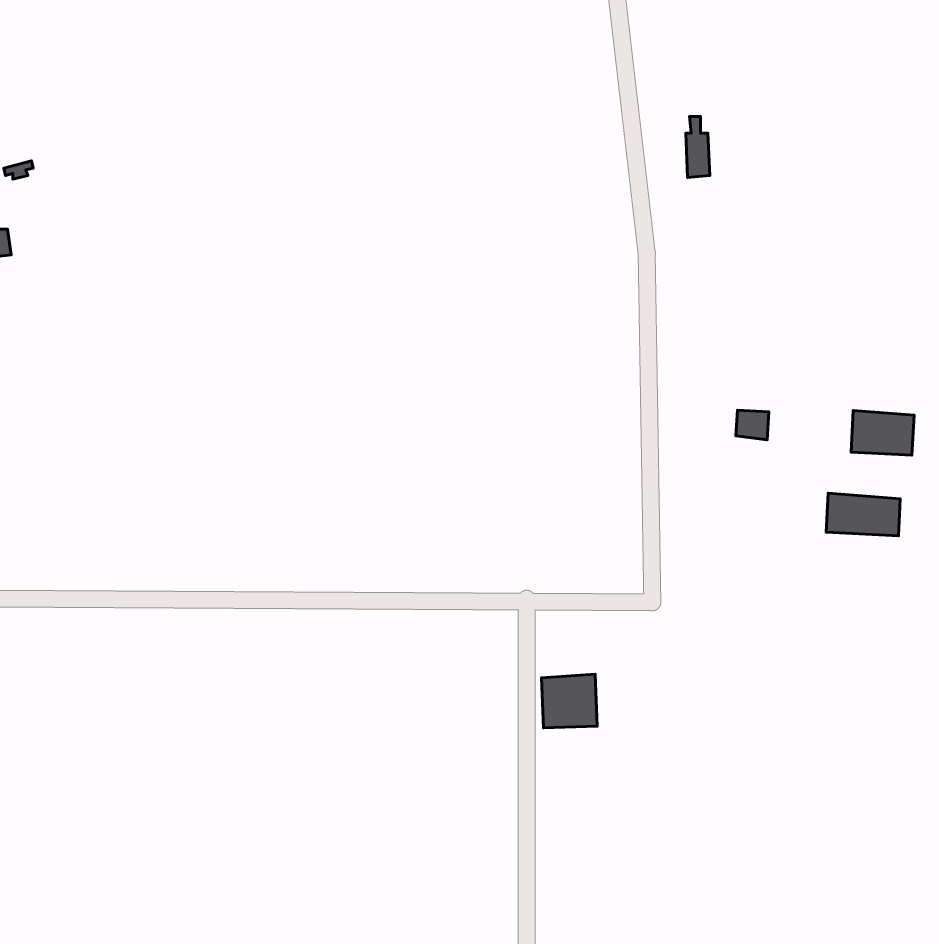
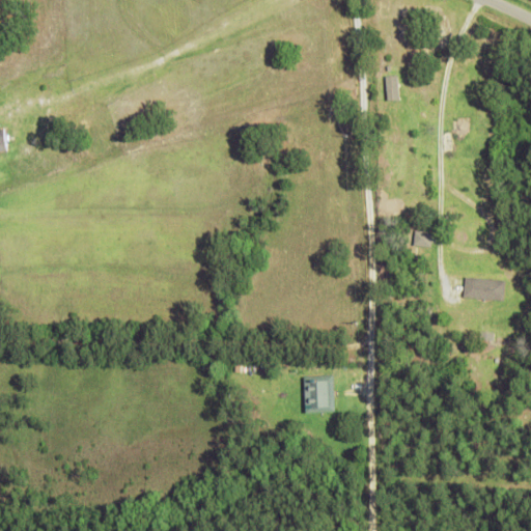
building: [851,411,914,455] -> none

